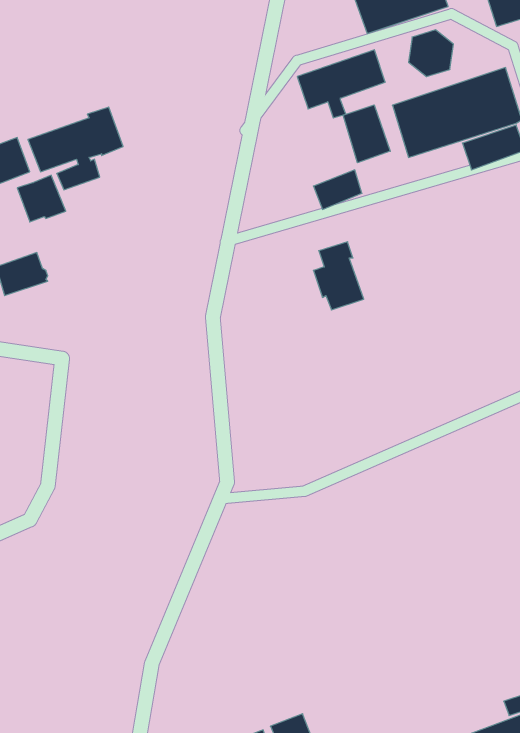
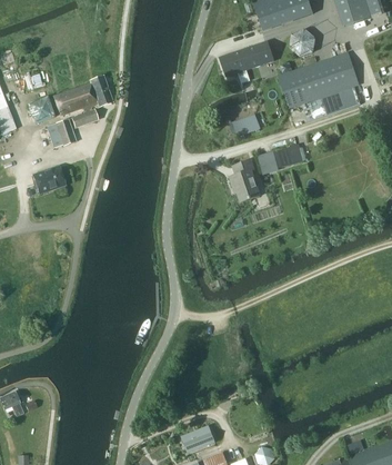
building: [343,105,390,163] -> none
building: none -> [272,142,303,168]
building: none -> [180,425,214,452]

